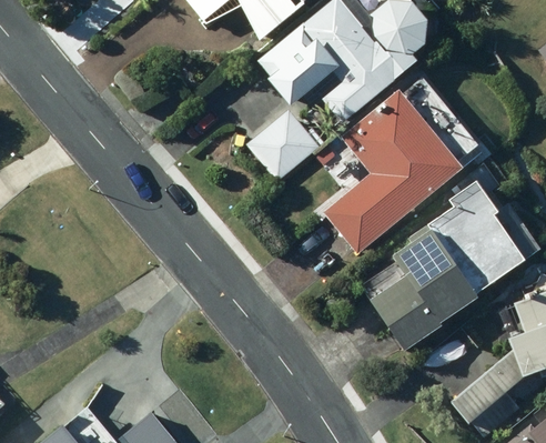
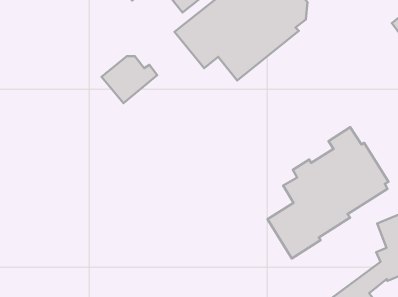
building: [322,74,473,252] -> none
building: [249,108,320,168] -> [102,56,157,103]

